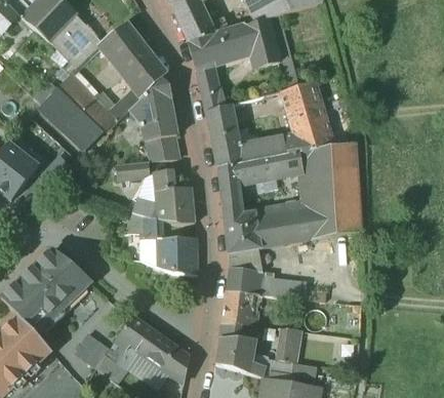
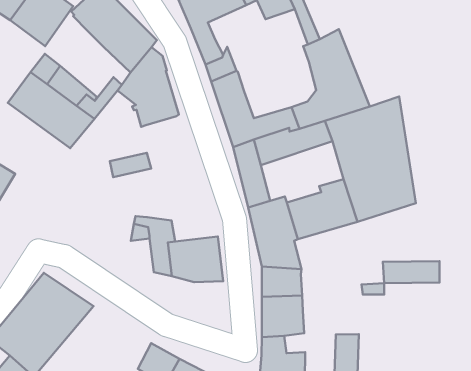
building: [149,135,178,161] -> none
building: [131,170,194,224] -> none
building: [258,276,306,298] -> [383,261,440,283]

